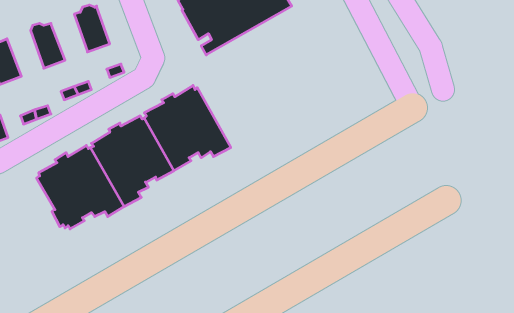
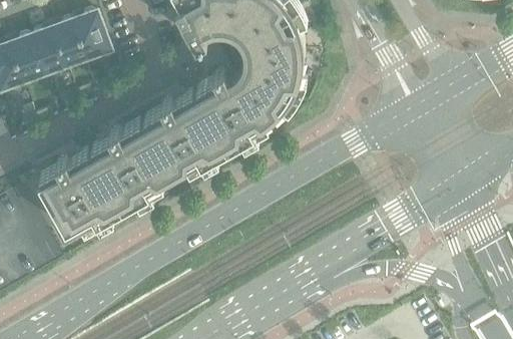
building: none -> [196,12,305,151]
building: none -> [52,19,88,65]
building: none -> [9,34,45,81]

